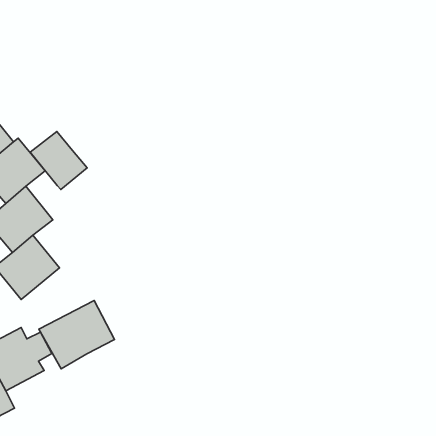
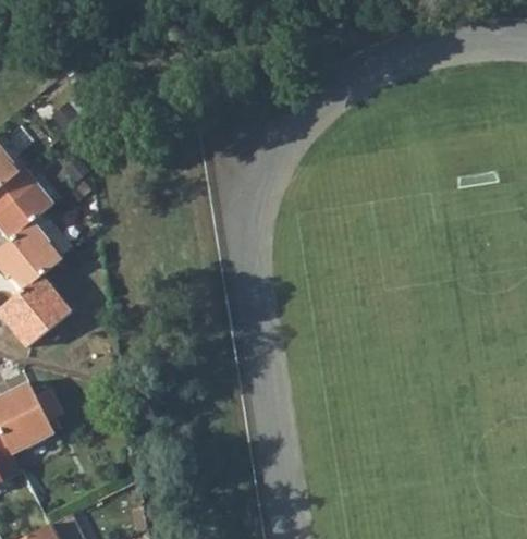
building: [30,131,87,190] -> none
building: [39,301,114,369] -> none

